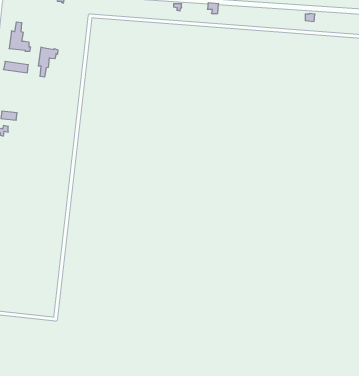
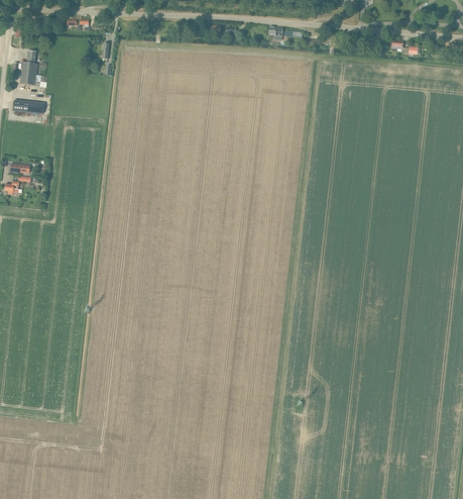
building: [39,47,58,77] -> none

